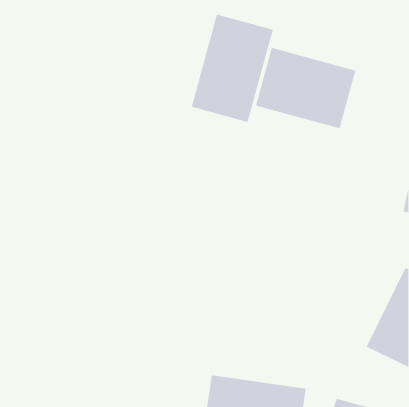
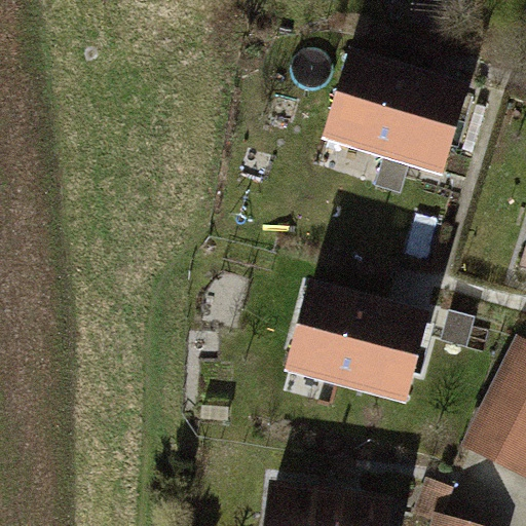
building: [191,14,273,123] -> none
building: none -> [291,295,417,396]

